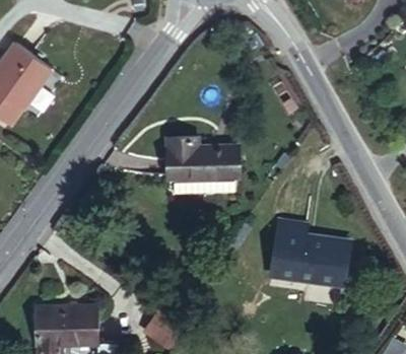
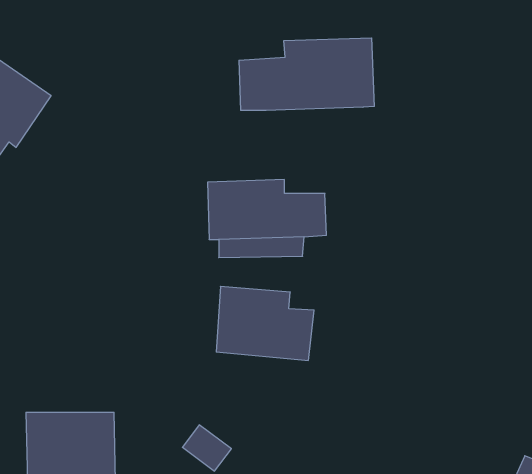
building: none -> [239,38,374,110]
building: [279,226,350,280] -> [216,286,314,360]

